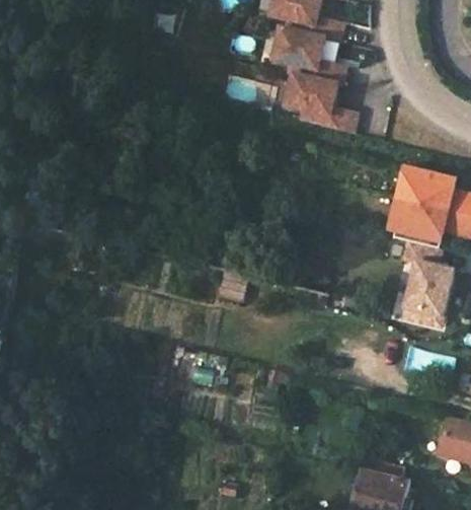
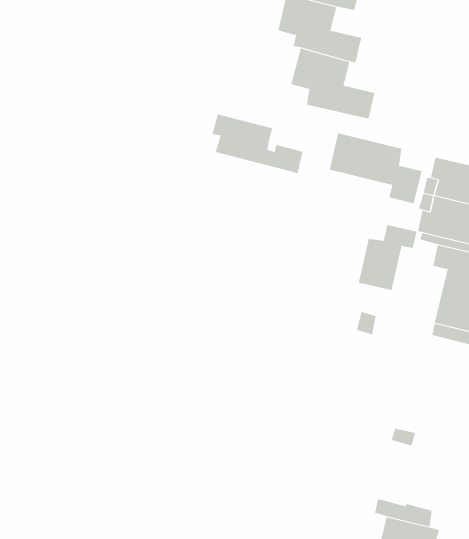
building: none -> [212,114,303,174]
building: none -> [329,132,422,204]
building: none -> [358,224,417,291]

